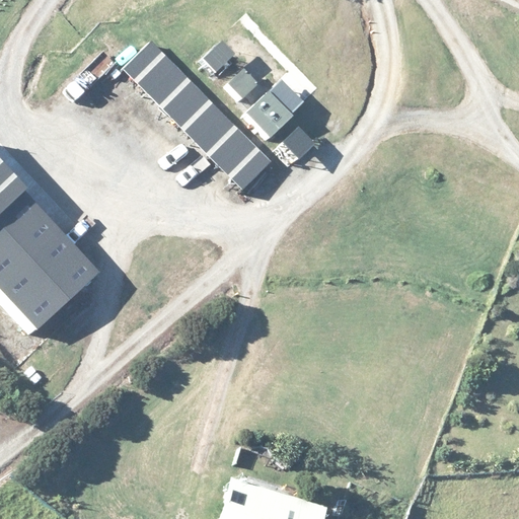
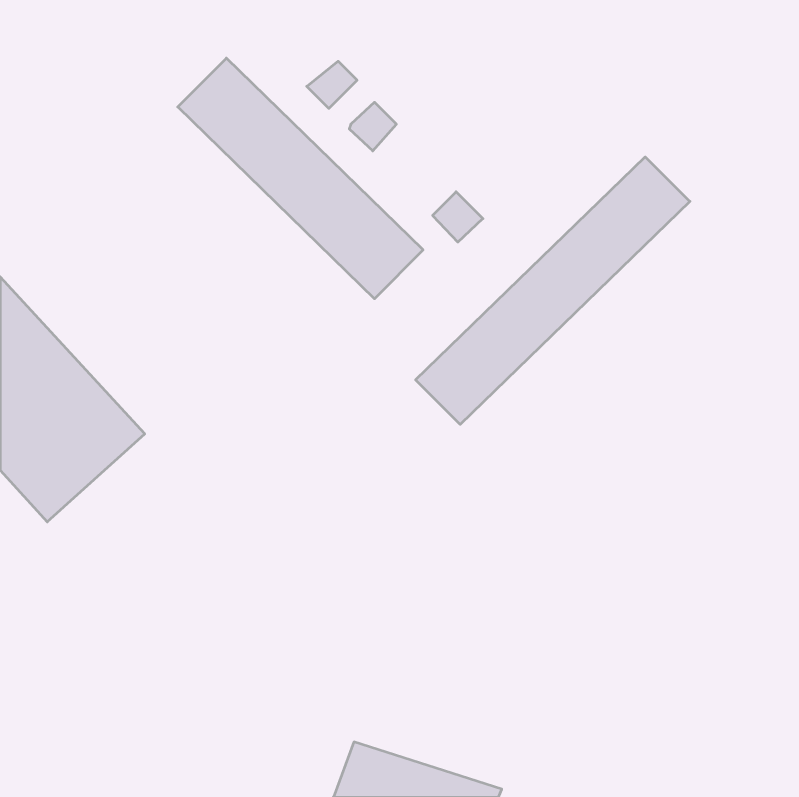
building: [247,76,306,134] -> none
building: none -> [416,157,690,424]

